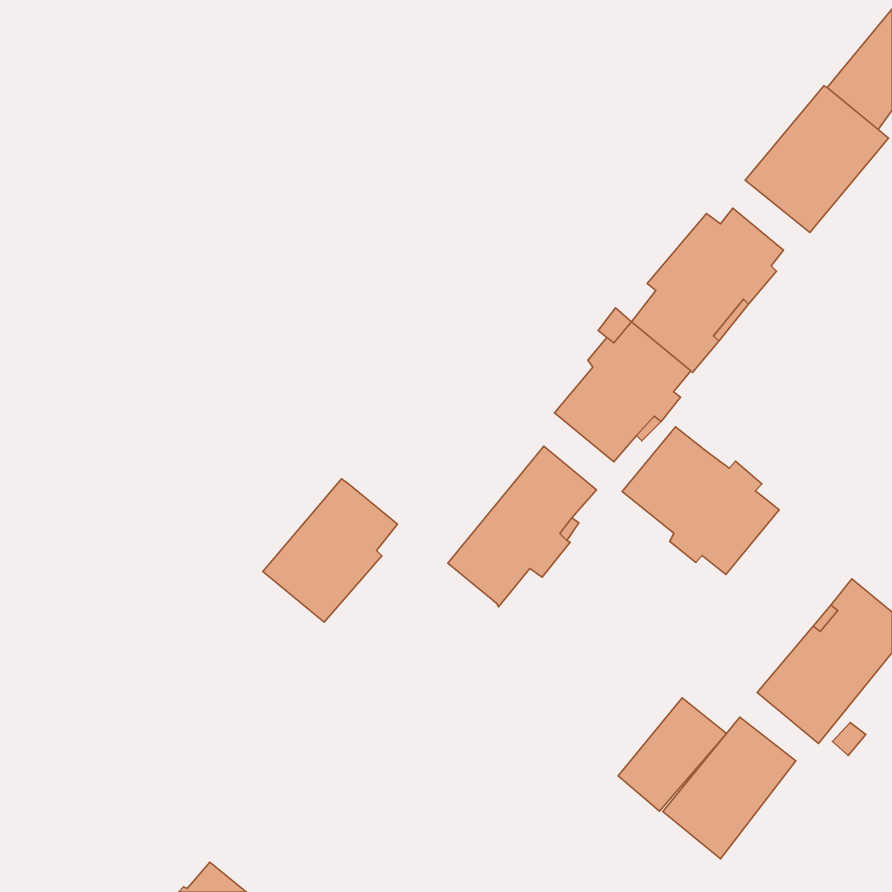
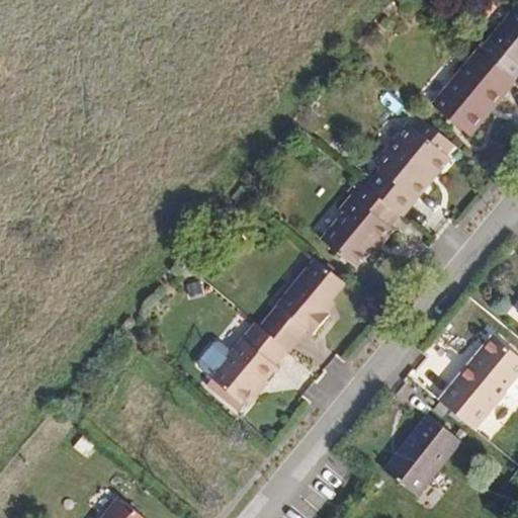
building: [622,427,779,575] -> none
building: [263,479,398,622] -> [209,323,287,406]
building: [618,698,726,811] -> none

